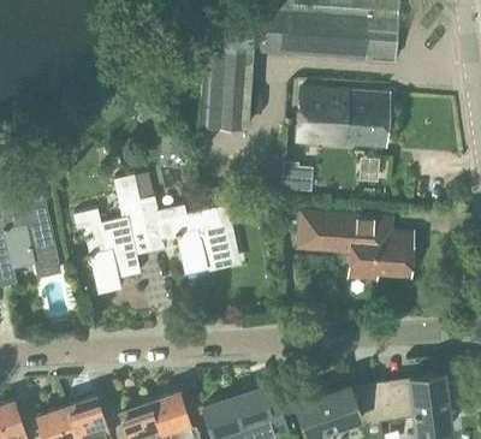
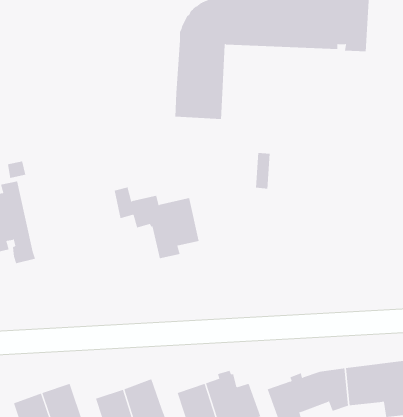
building: [299,89,388,147] -> none
building: [75,177,147,291] -> none
building: [302,213,412,277] -> none

